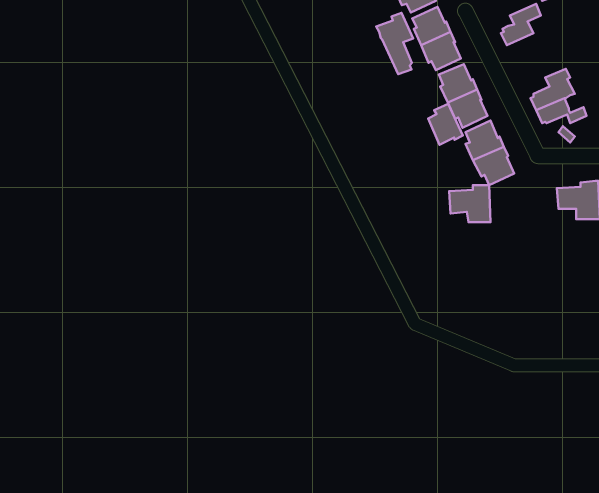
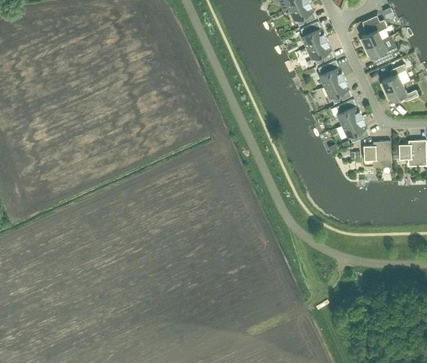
building: [376,13,413,74] -> none
building: none -> [364,36,398,66]
building: [428,104,463,145] -> none
building: [449,185,491,222] -> [363,142,391,167]

